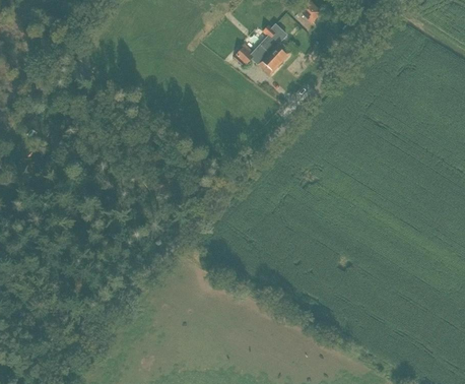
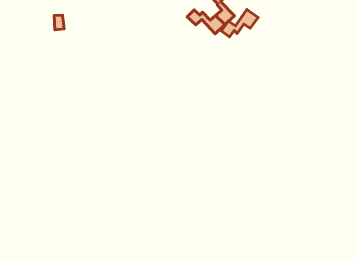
building: none -> [221,9,258,37]

